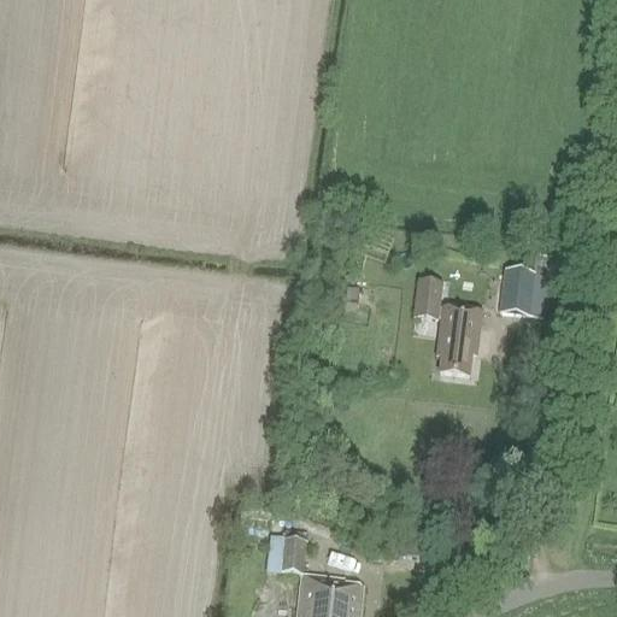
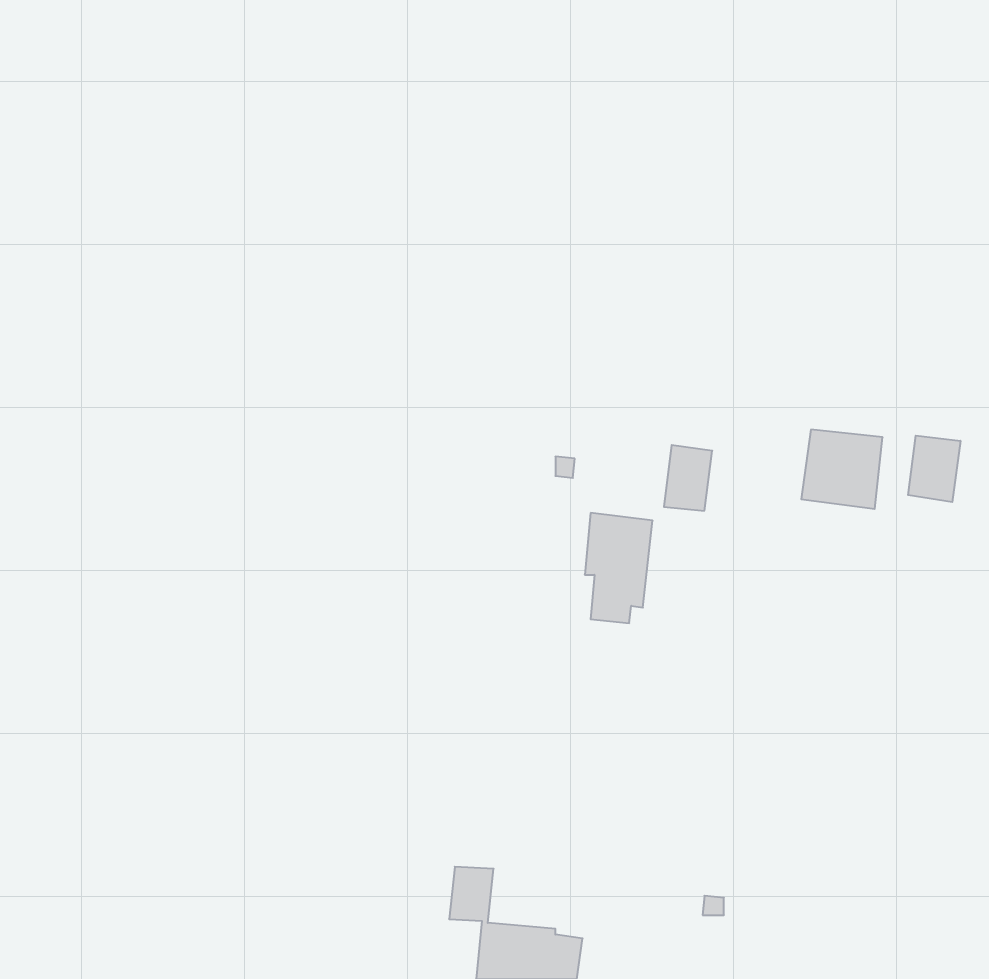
building: none -> [908,436,960,502]
building: [437,306,480,375] -> [585,513,653,623]

